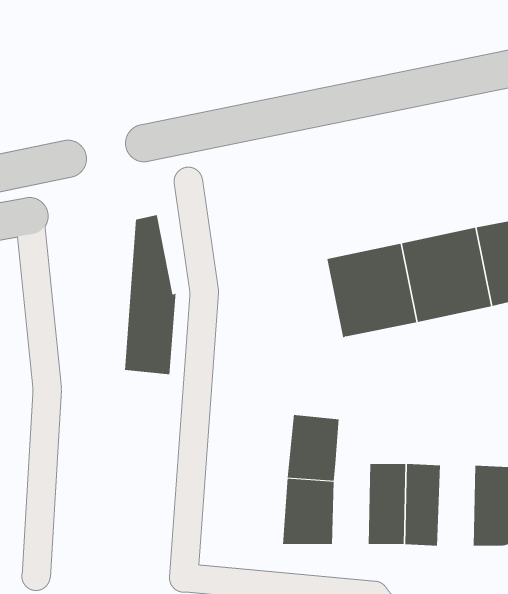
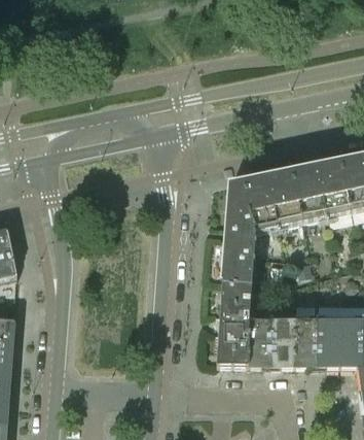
building: [124,215,176,375] -> [223,180,257,284]
building: none -> [249,313,272,366]
building: none -> [317,314,340,367]

